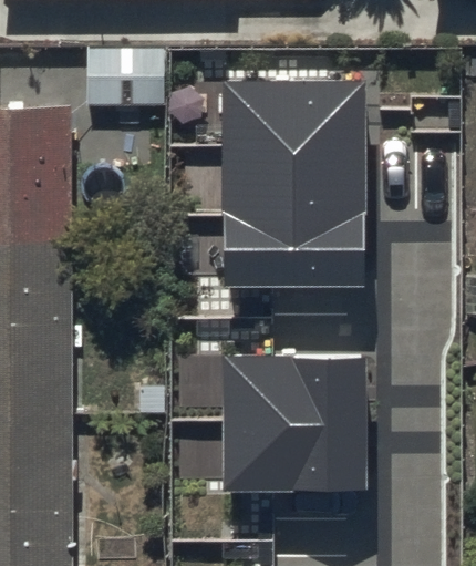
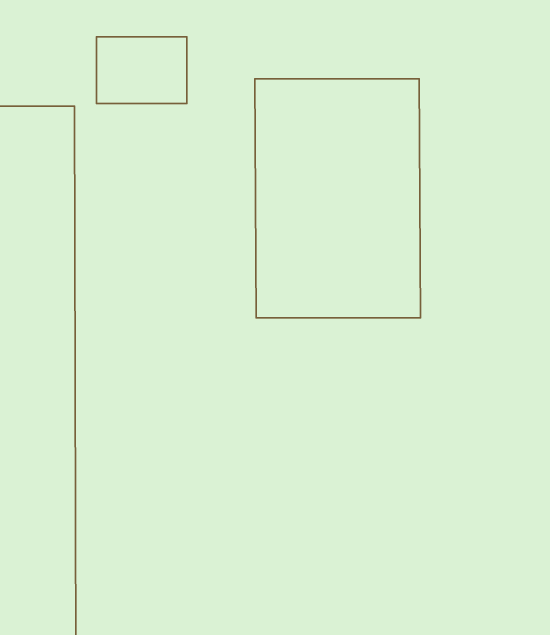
building: [225,356,365,494] -> none

